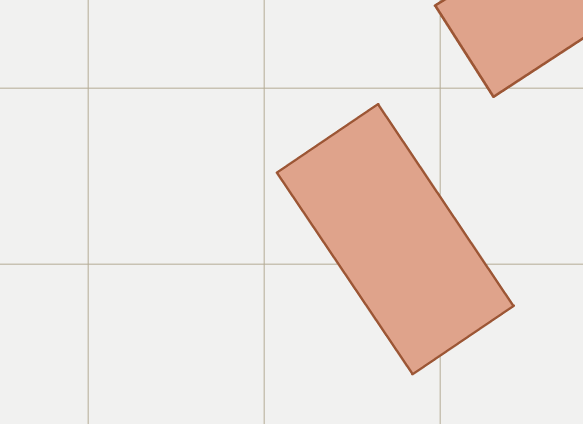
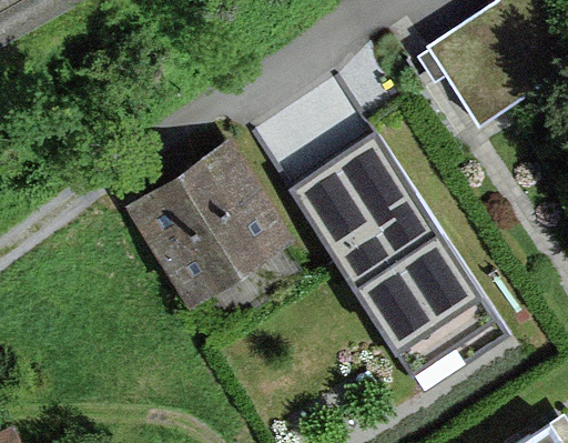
building: none -> [123,142,291,306]

